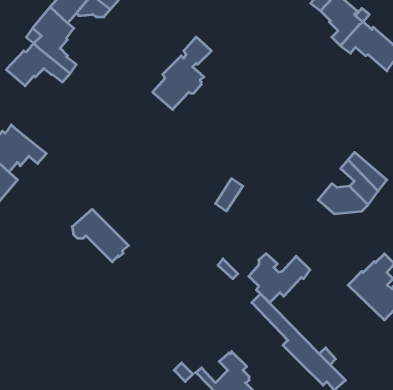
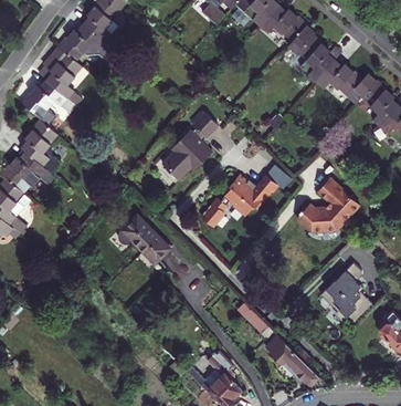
building: [153,37,211,110] -> [167,114,219,178]
building: none -> [20,121,61,174]
building: [72,209,129,262] -> [120,217,170,263]
building: [249,254,310,303] -> [225,173,279,216]

